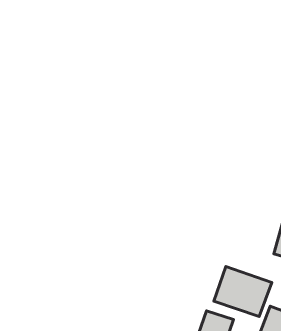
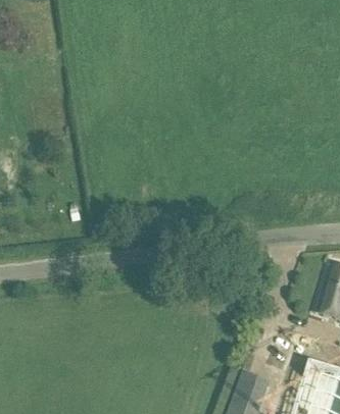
building: [214,266,272,317] -> none

